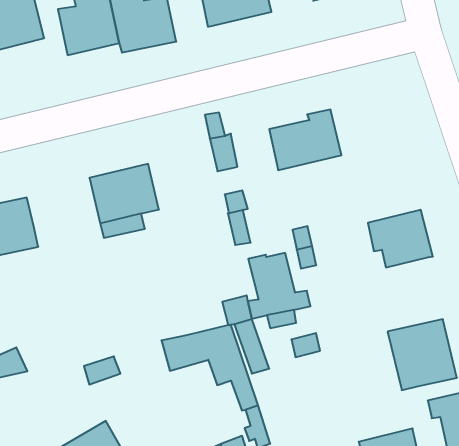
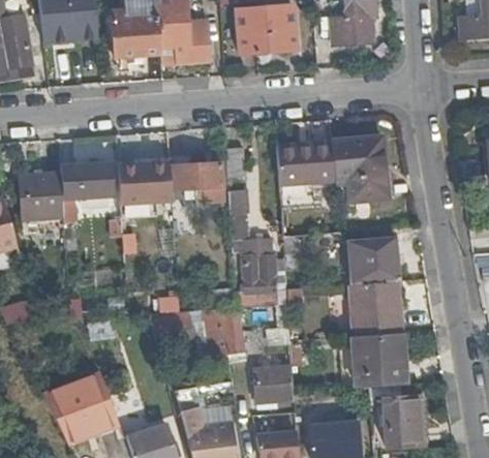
building: none -> [332,135,387,201]
building: none -> [173,162,223,201]
building: none -> [62,162,113,200]
building: none -> [346,279,399,335]
building: none -> [255,363,295,400]

